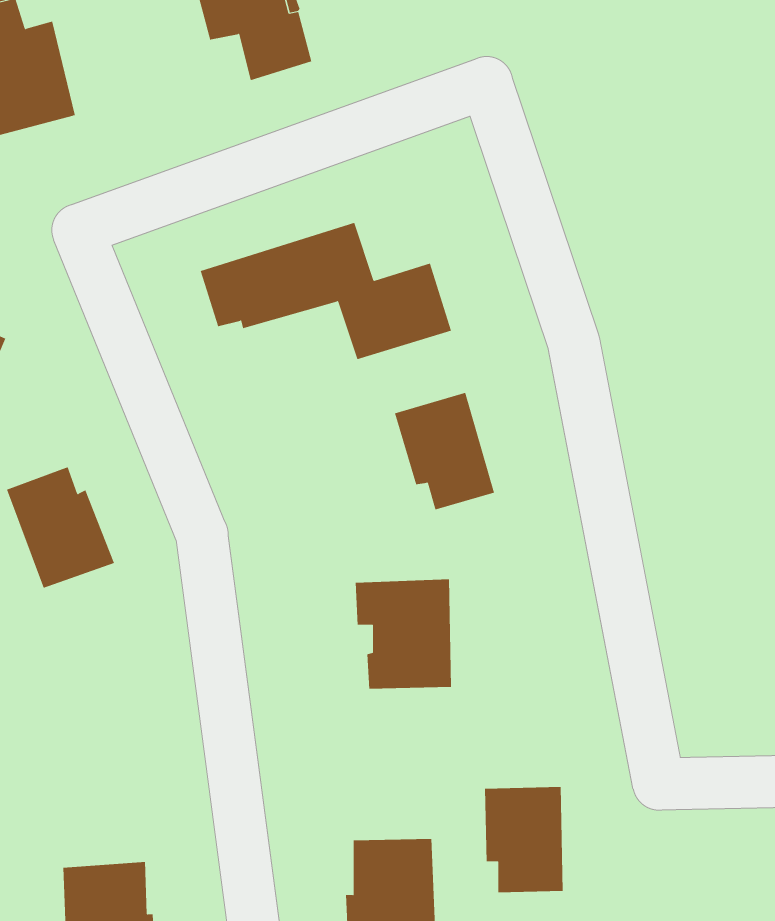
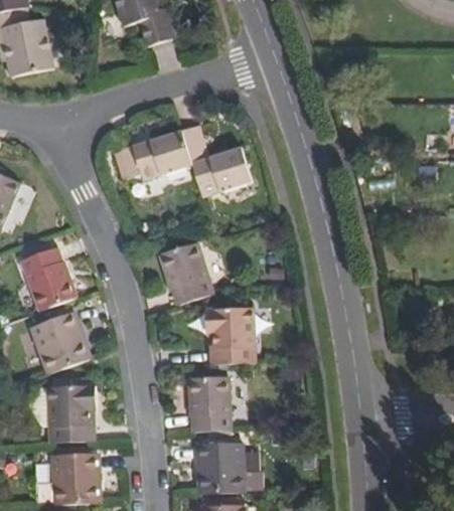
building: [394,392,495,510] -> [159,242,211,304]
building: none -> [30,313,92,375]
building: none -> [47,386,97,445]
building: [484,786,563,893] -> [188,375,230,431]

